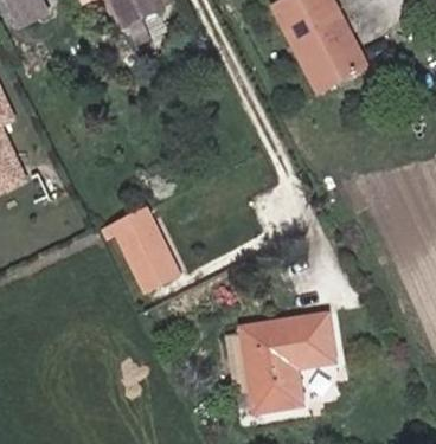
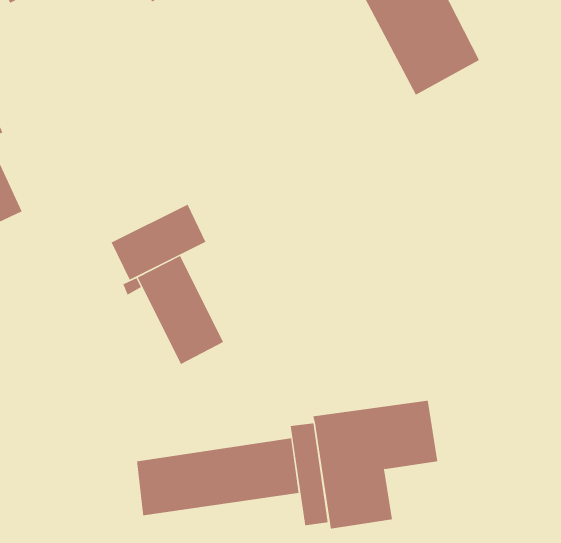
building: none -> [111,204,206,281]
building: none -> [136,437,299,516]

